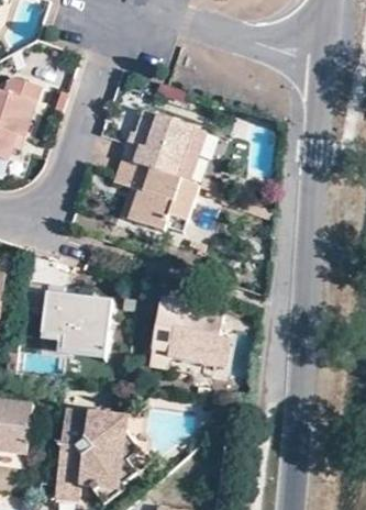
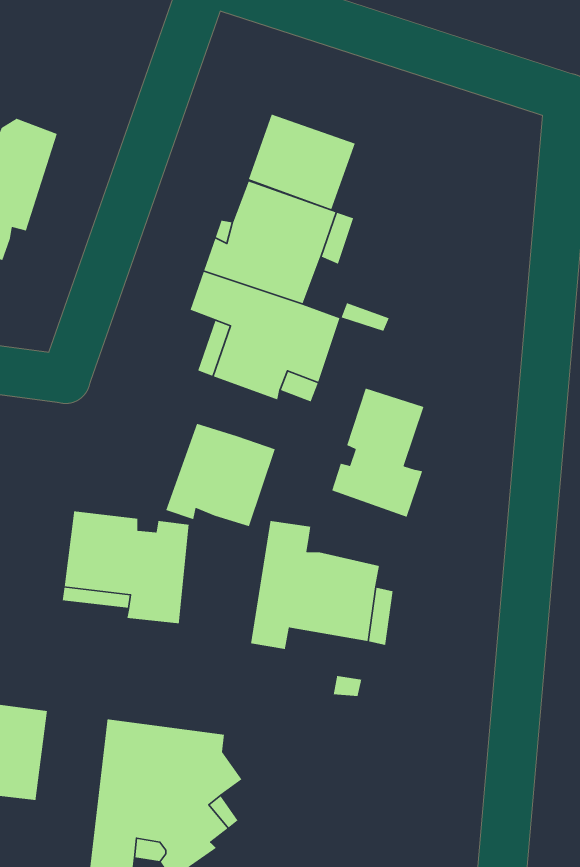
building: none -> [248,114,356,210]
building: none -> [331,388,424,518]
building: none -> [165,423,276,527]

